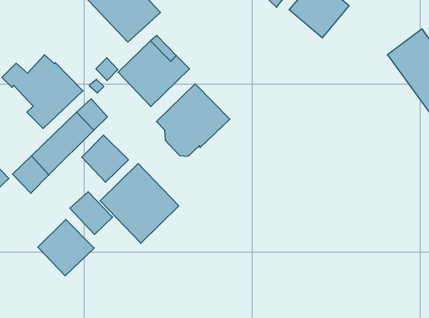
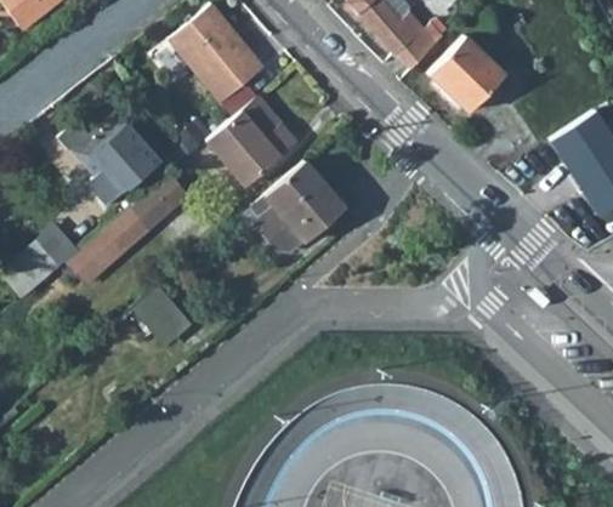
building: [82,135,128,182] -> none
building: [100,164,179,243] -> none
building: [38,219,94,276] -> none

